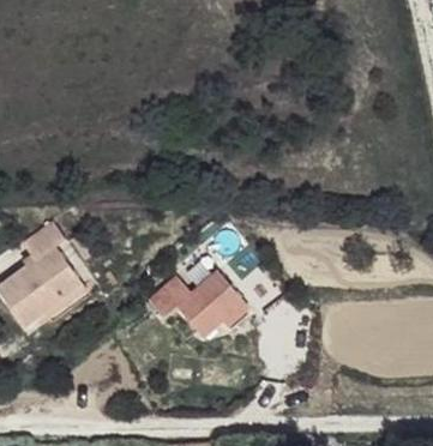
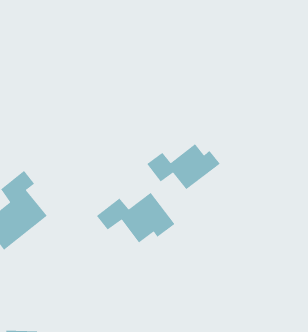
building: none -> [146,143,221,190]

